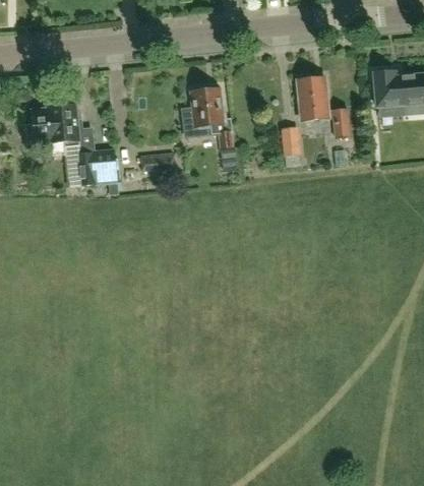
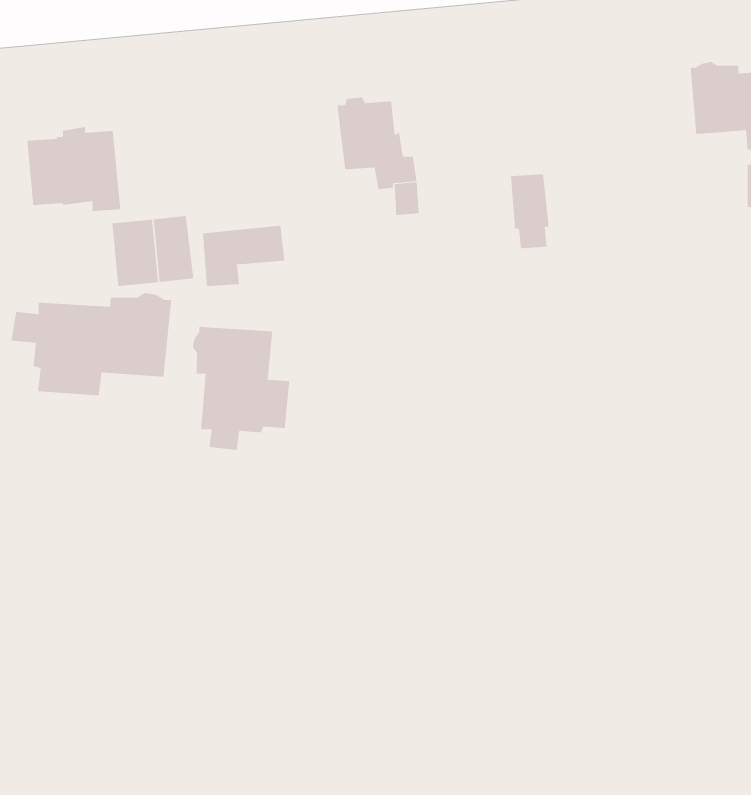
building: [297,77,350,136] -> none
building: none -> [11,292,172,396]
building: none -> [192,326,290,451]

